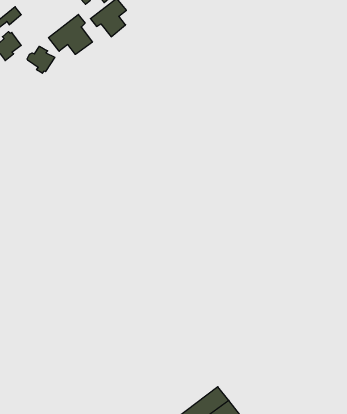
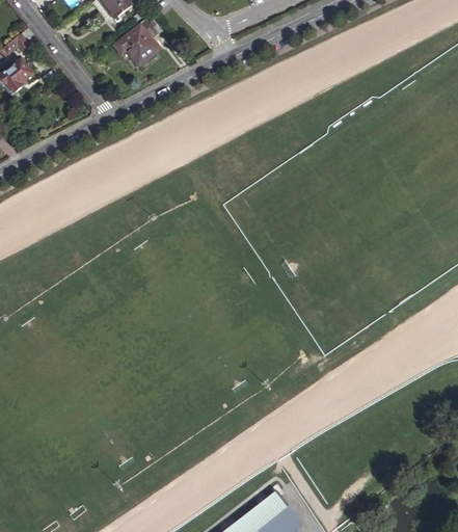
building: [49,14,92,54] -> none
building: [27,46,55,73] -> none

